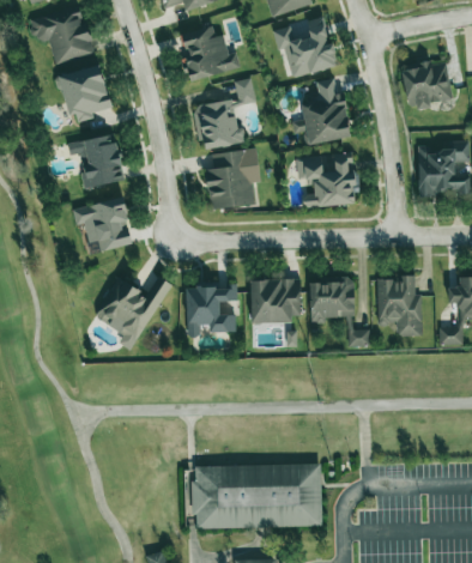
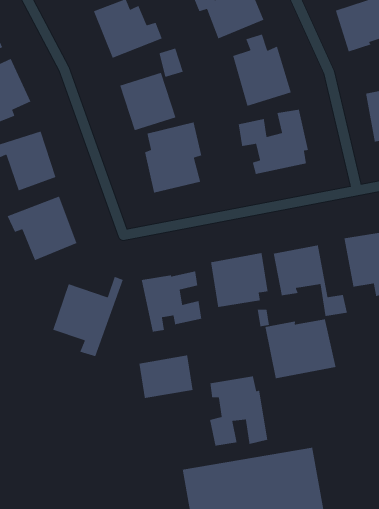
building: none -> [265,319,337,379]
building: none -> [138,355,193,399]
building: none -> [209,375,268,447]

